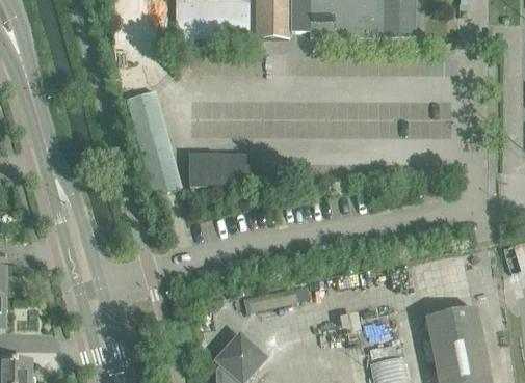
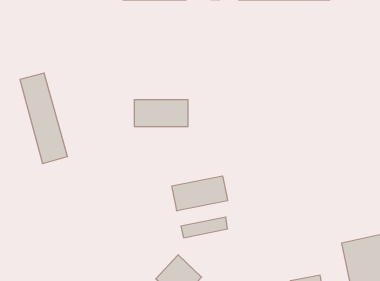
building: [126,89,181,194] -> [20,73,68,164]
building: none -> [172,176,228,211]

